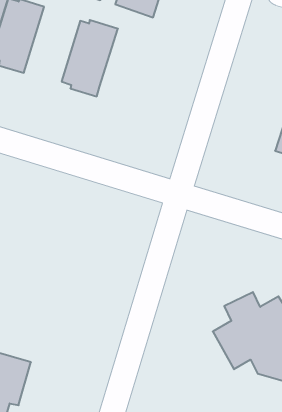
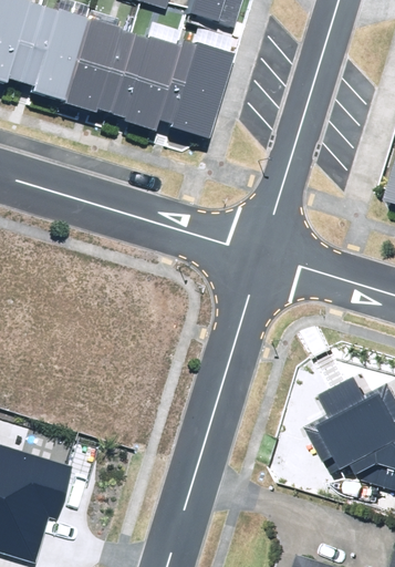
building: none -> [65,17,136,111]
building: none -> [160,40,236,137]

